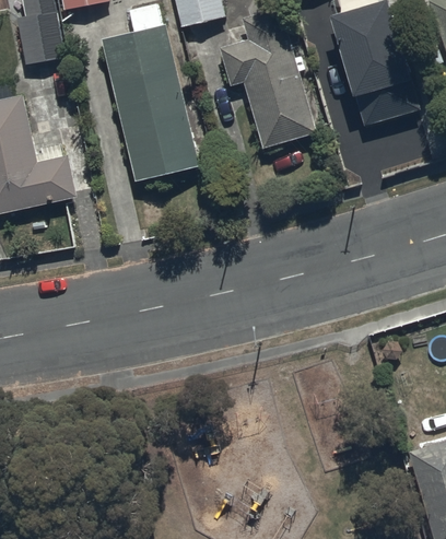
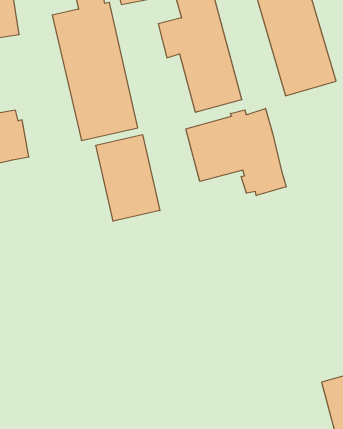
building: none -> [186,108,286,196]
building: none -> [96,135,160,221]

